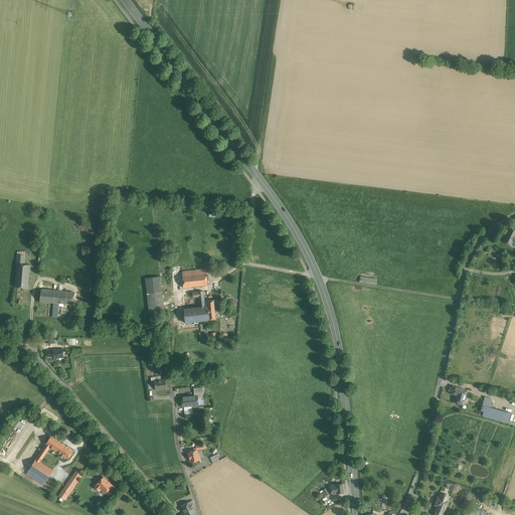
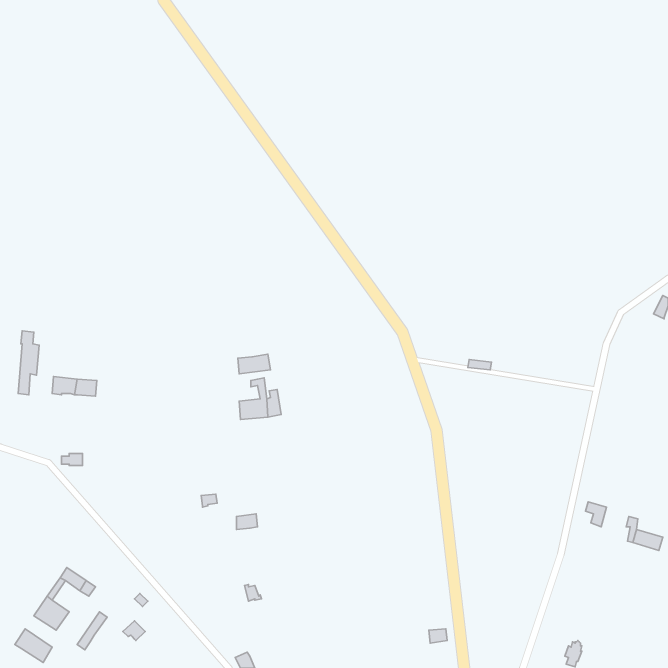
building: [145,277,164,313] -> none
building: none -> [15,629,52,663]

